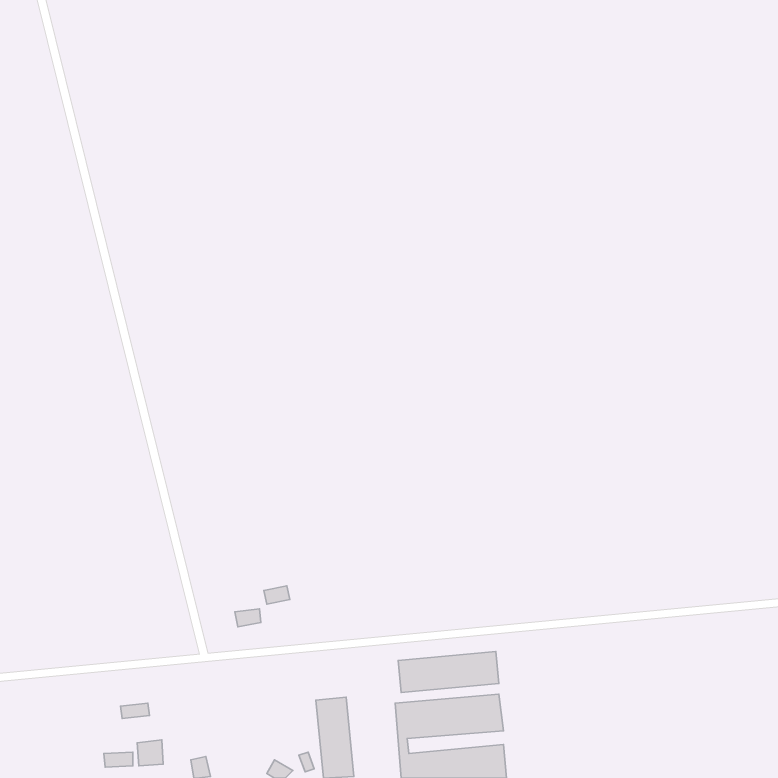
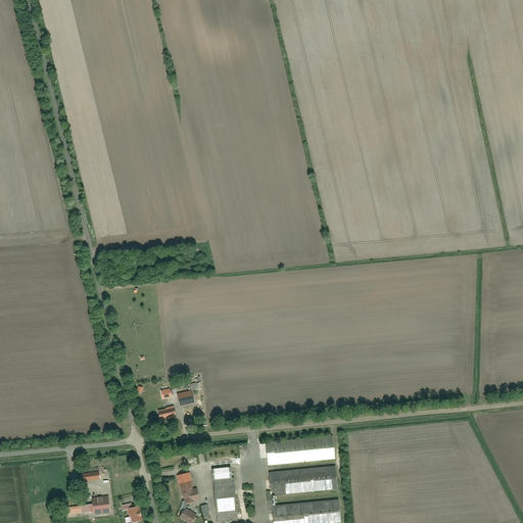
building: none -> [179,472,198,503]

